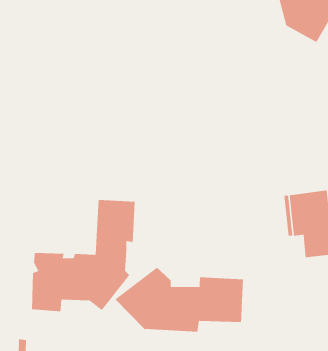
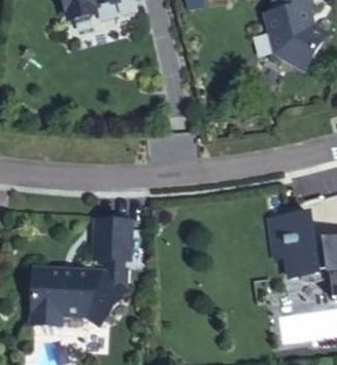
building: [114,267,243,333] -> none

